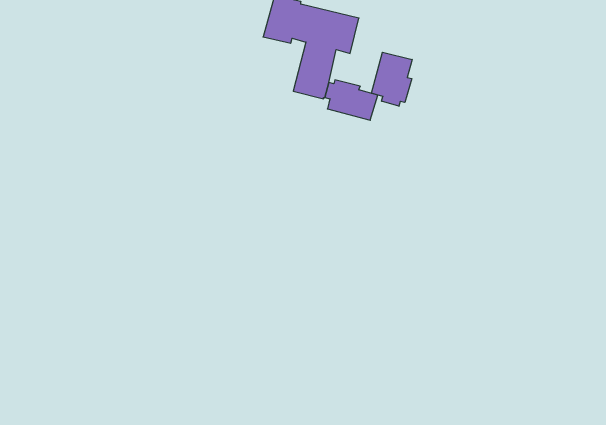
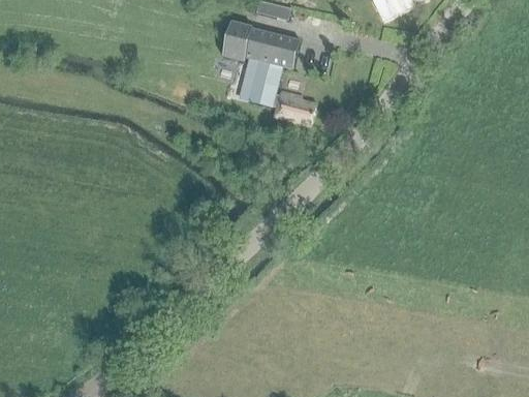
building: [371,52,412,106] -> none

